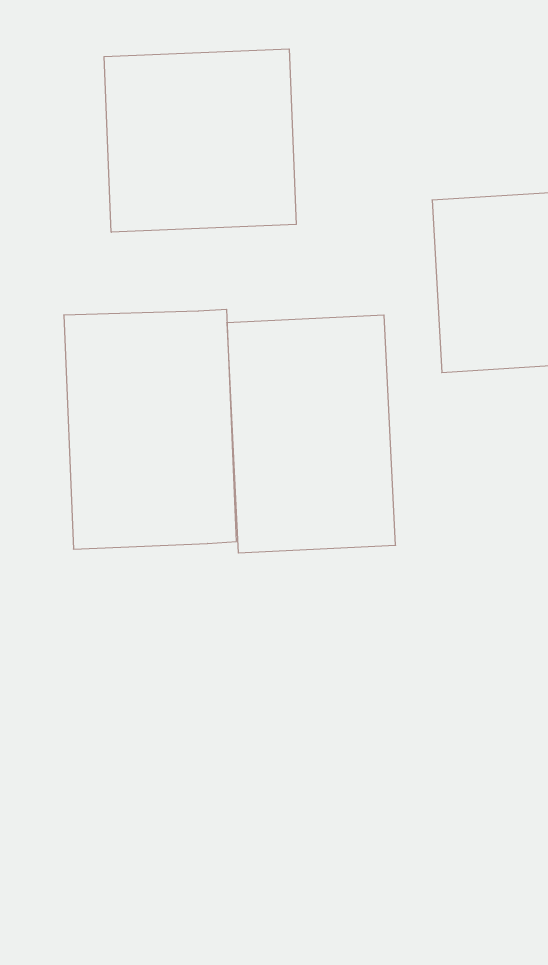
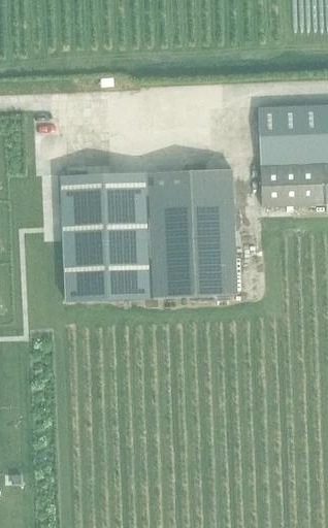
building: [104,49,296,232] -> none

